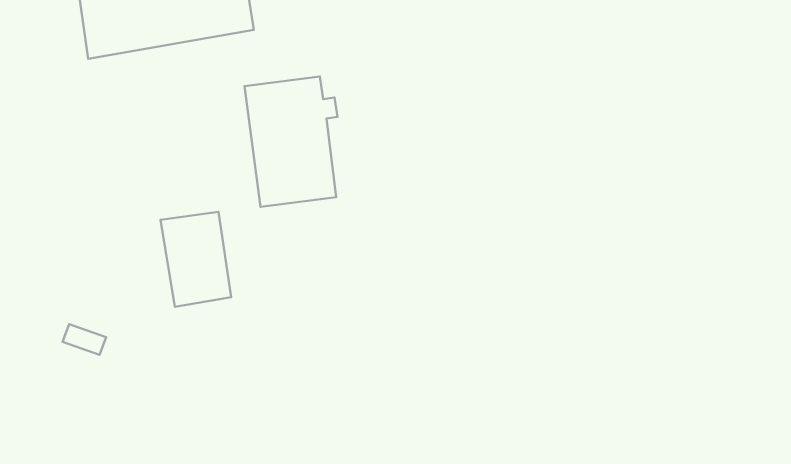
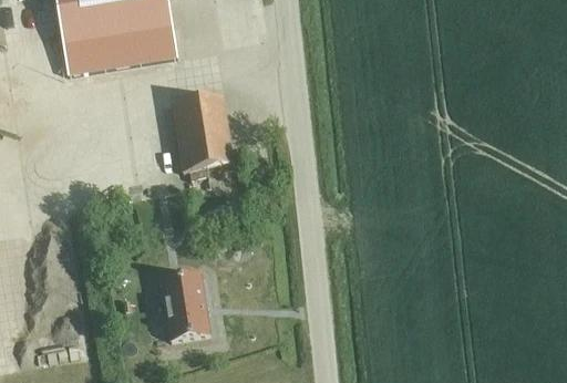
building: [161,212,231,307] -> [161,278,209,343]

